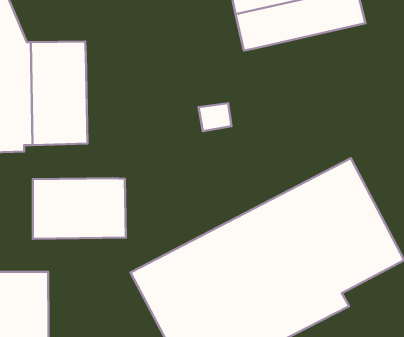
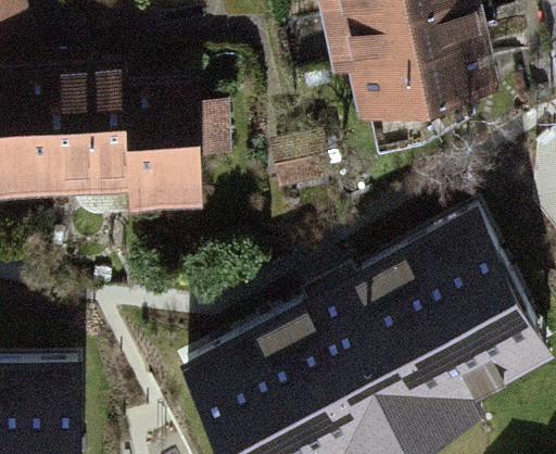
building: none -> [345,36,505,138]
building: none -> [125,75,230,207]
building: [33,178,126,239] -> none

